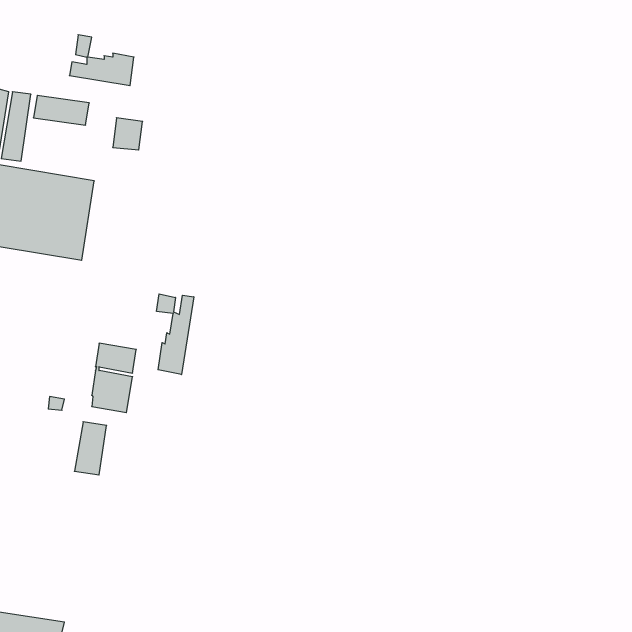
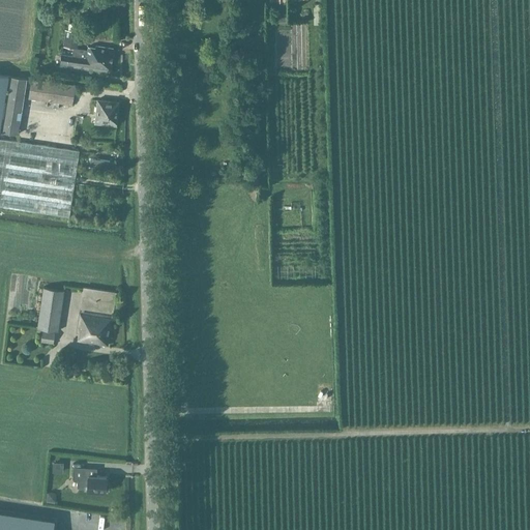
building: [157,294,194,375] -> none
building: [74,422,107,475] -> [36,288,63,332]
building: none -> [72,468,107,493]

